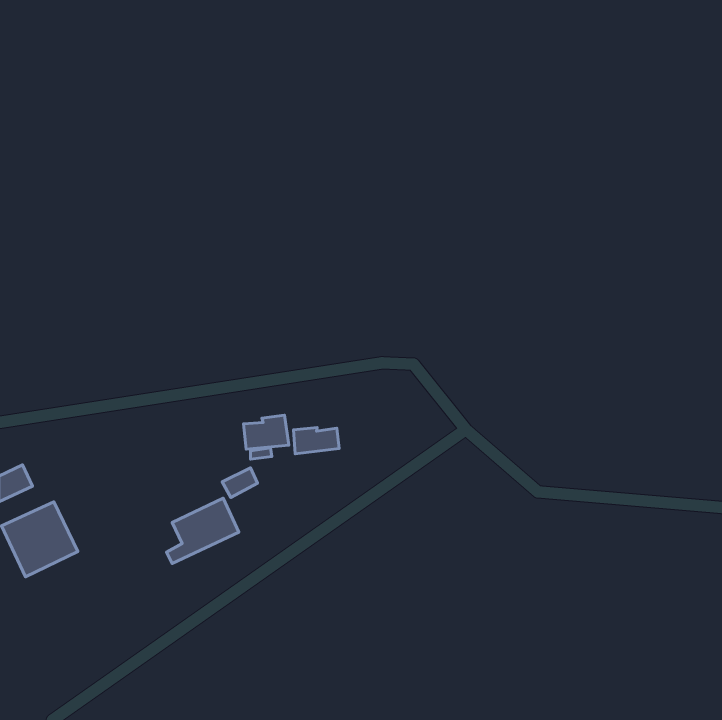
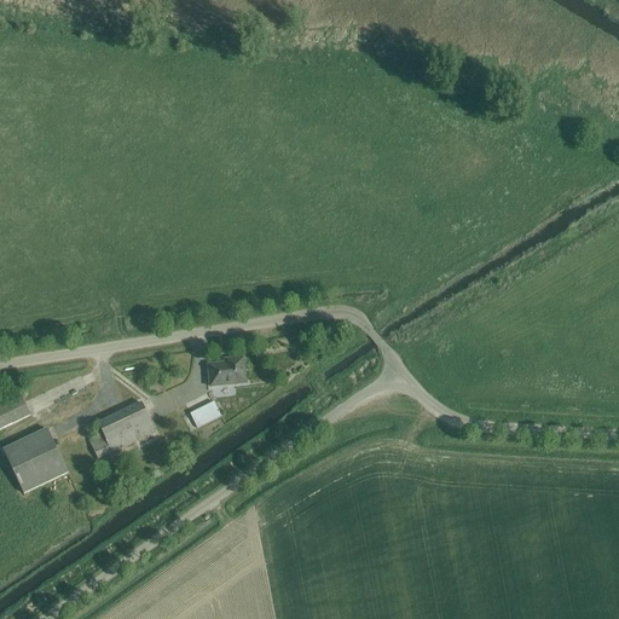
building: [293,427,339,454] -> none
building: [167,498,239,563] -> [93,400,155,456]

